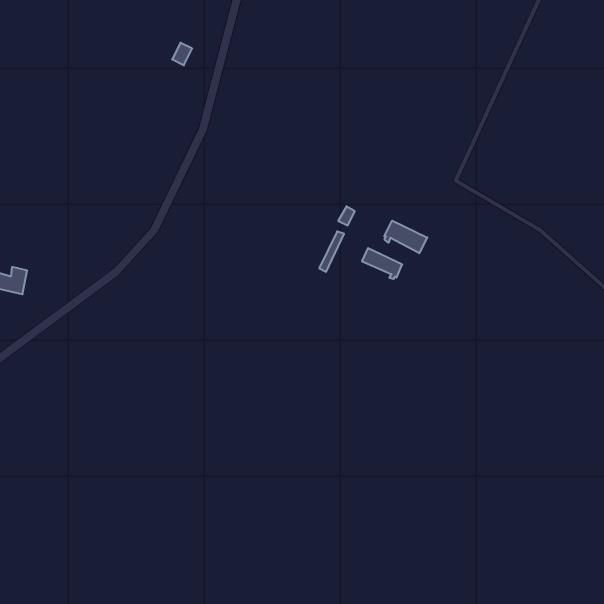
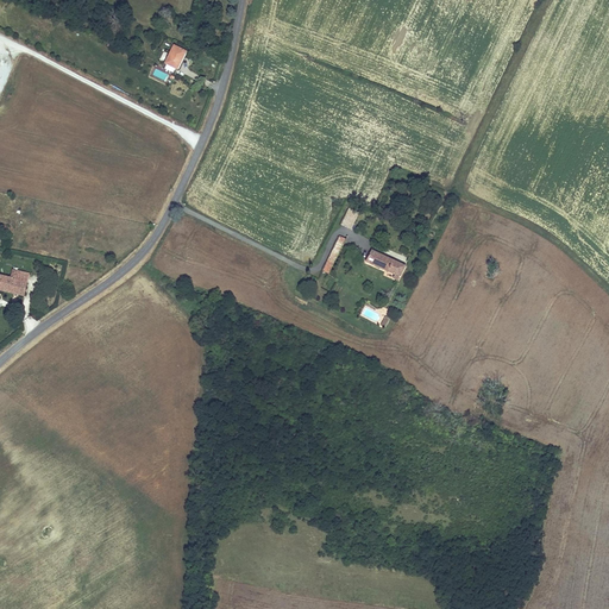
building: [384,221,427,253] -> none

